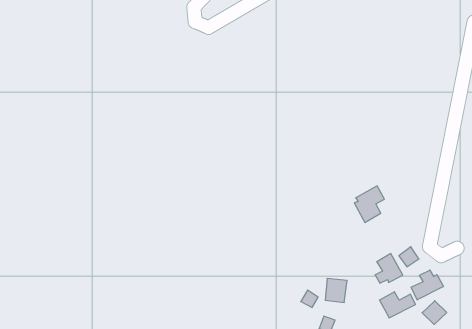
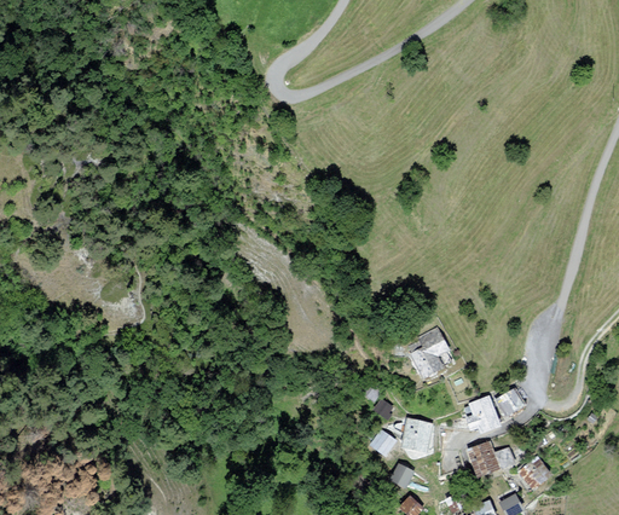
building: [354,186,384,223] -> [405,334,442,377]
building: [411,270,443,300] -> none

